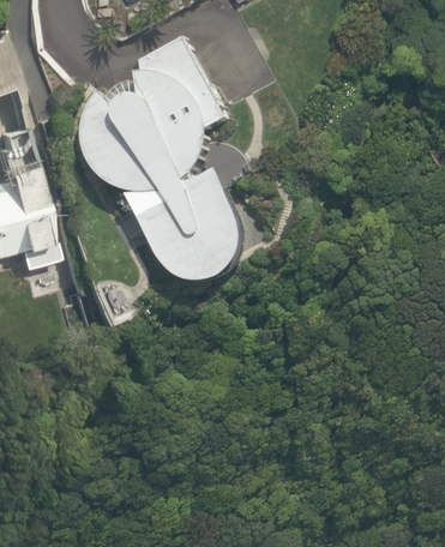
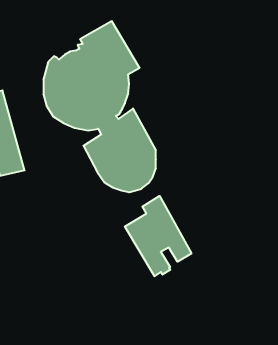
building: none -> [125,196,191,276]

